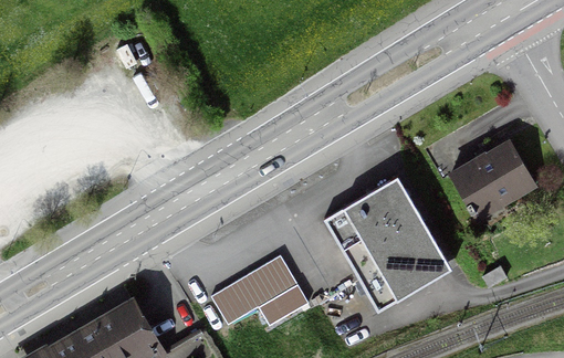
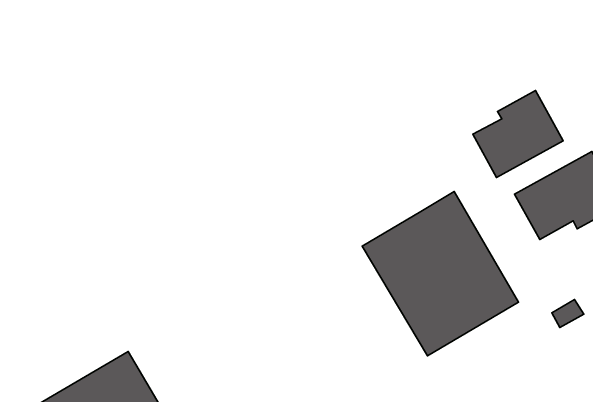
building: none -> [473,90,563,178]
building: [209,253,310,325] -> none

